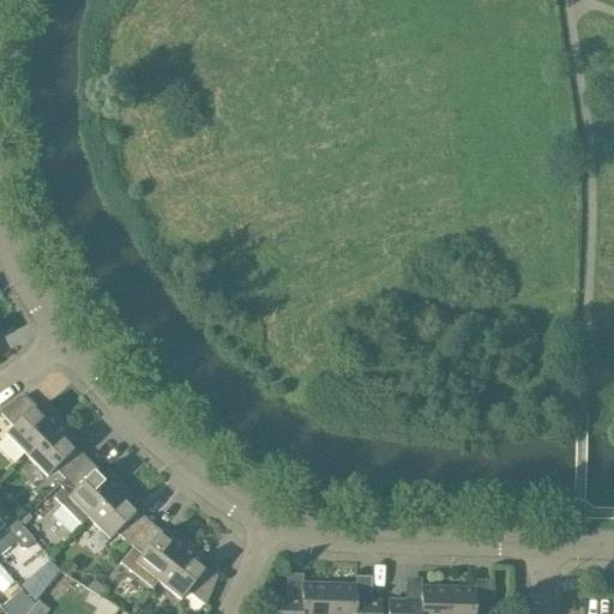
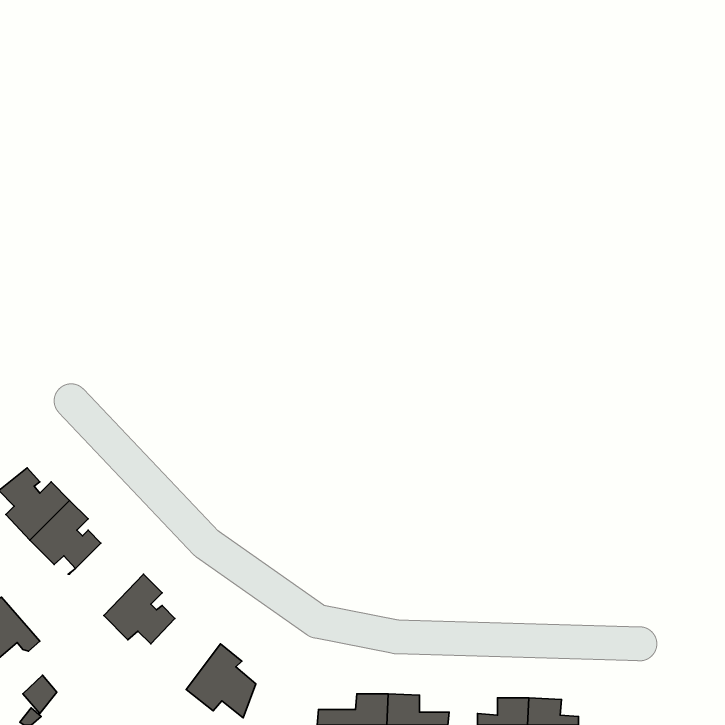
building: [53,458,121,525] -> none
building: [127,522,186,582] -> none

